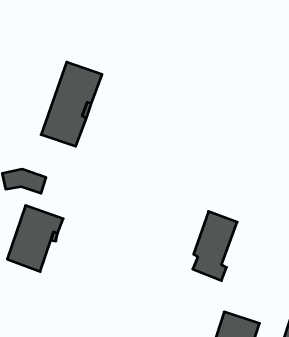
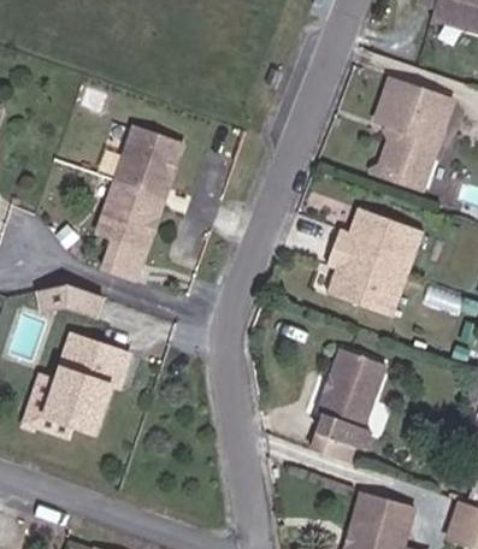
building: none -> [374,78,450,185]
building: none -> [324,209,420,312]

